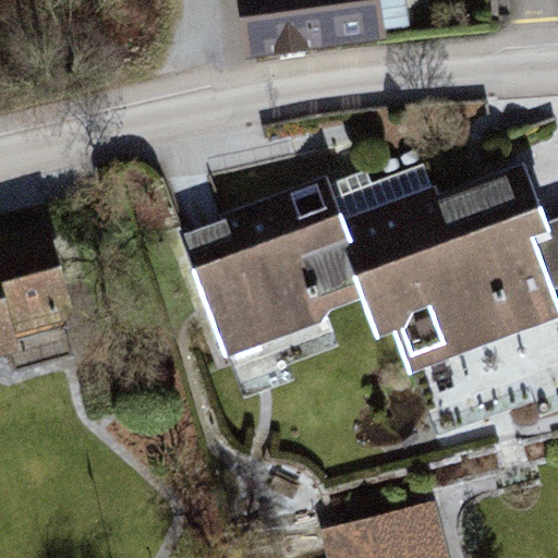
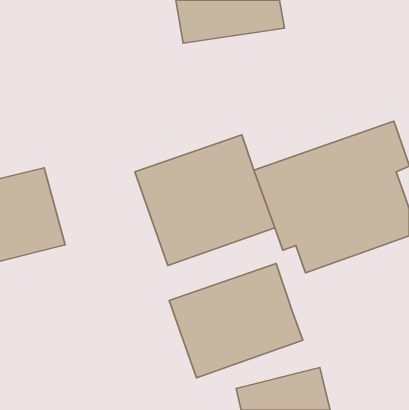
building: none -> [169,263,303,378]

